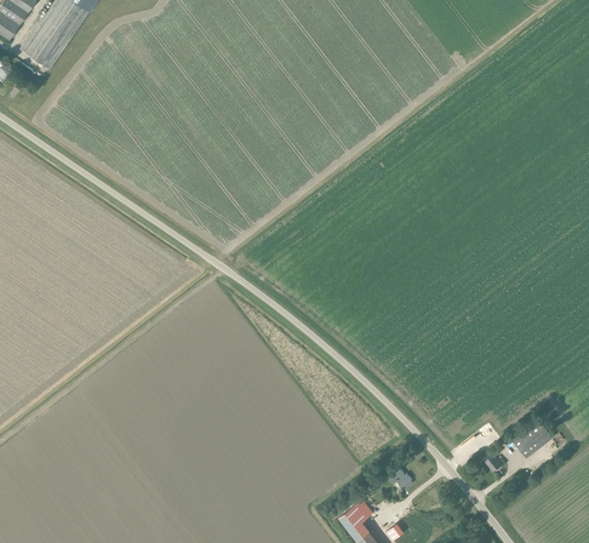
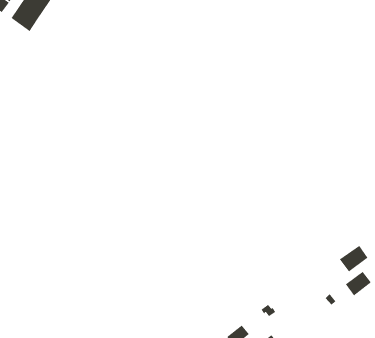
building: none -> [339,245,369,273]

